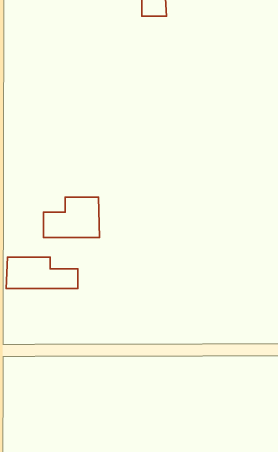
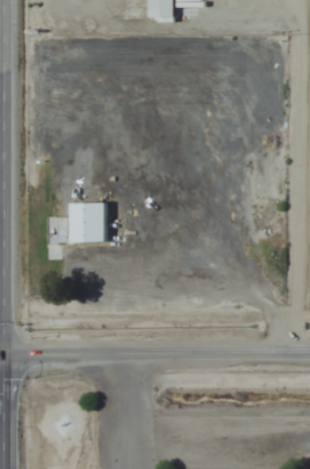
building: [6,257,78,288] -> none

